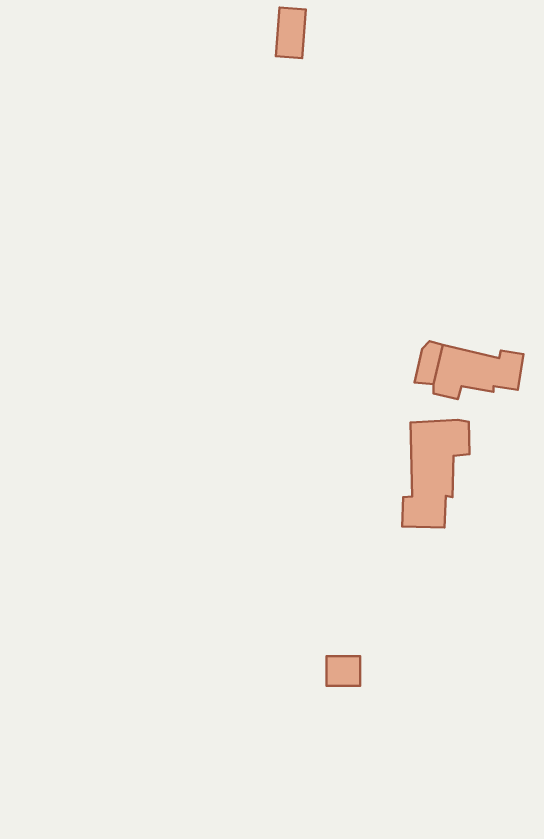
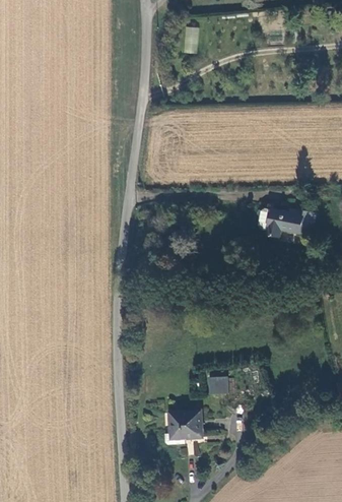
building: [402,420,470,528] -> none
building: none -> [165,410,202,443]

